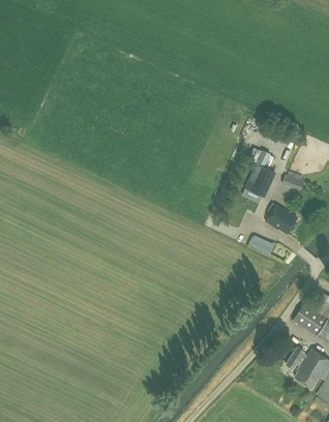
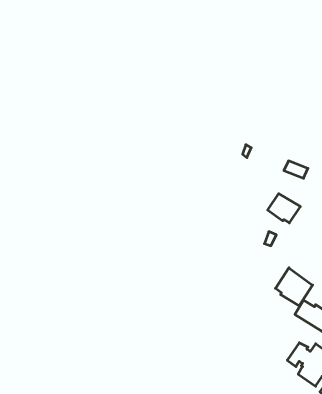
building: [245,163,275,195] -> none
building: none -> [275,268,313,306]

